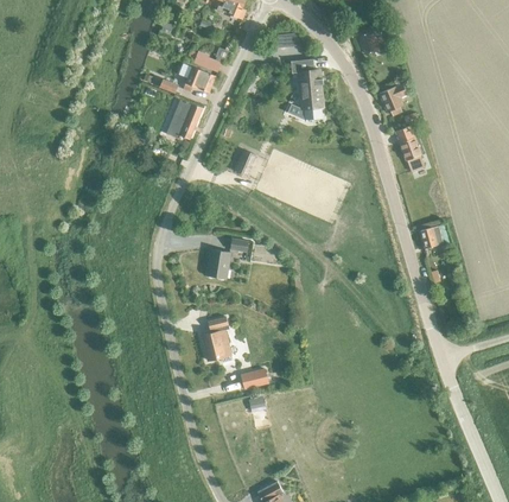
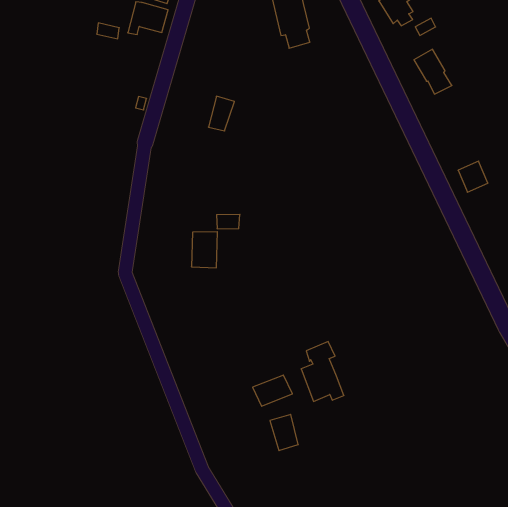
building: [166,97,203,139] -> none
building: [201,316,230,361] -> [301,342,344,401]

